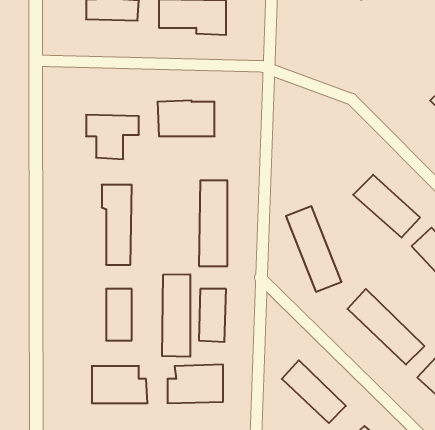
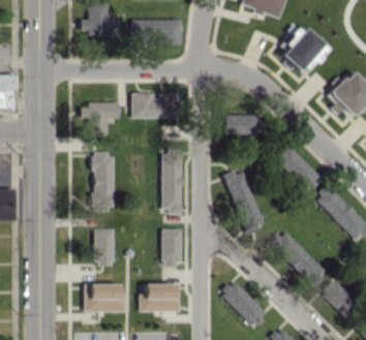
building: none -> [281,28,324,70]
building: none -> [226,114,261,134]
building: [162,274,190,357] -> none

